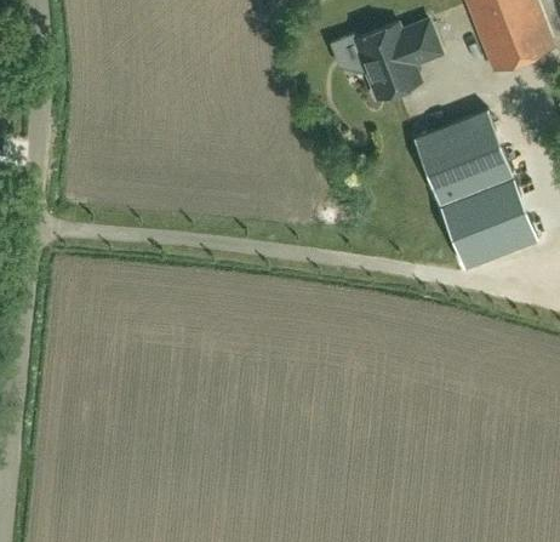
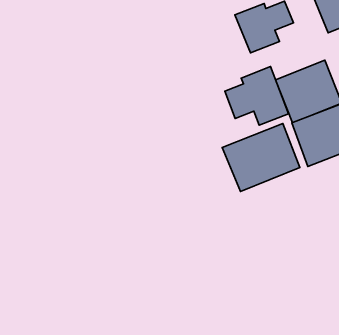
building: none -> [225,67,288,125]
building: none -> [222,124,300,191]

